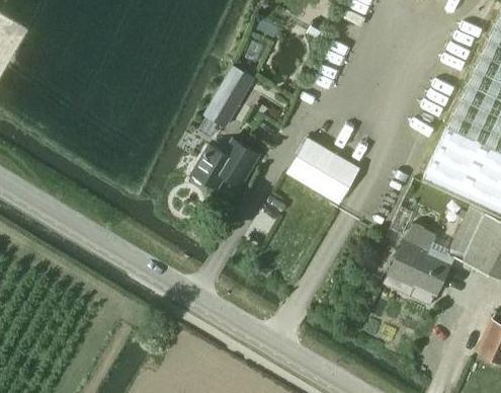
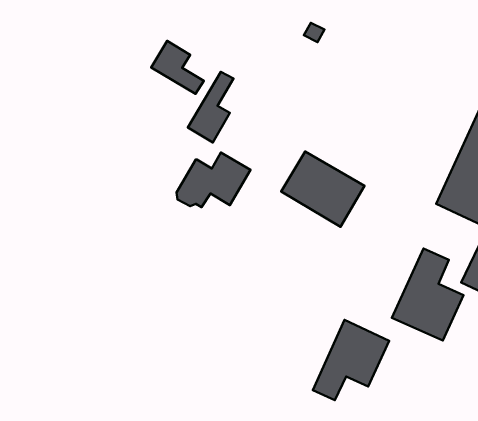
building: none -> [151,41,204,94]
building: none -> [313,320,389,400]

